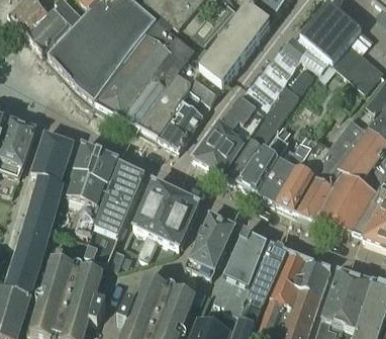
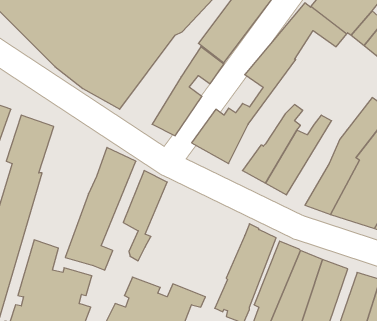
building: [141,61,202,139] -> none
building: [226,64,313,179] -> none
building: [215,93,257,131] -> none
building: [277,136,329,209] -> none
building: [69,143,117,232] -> none
building: [154,189,199,247] -> none
building: [186,210,235,274] -> none

